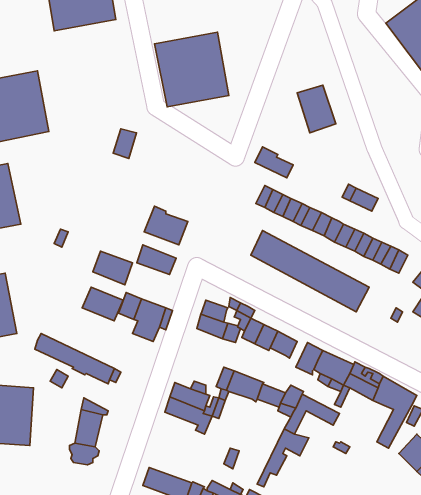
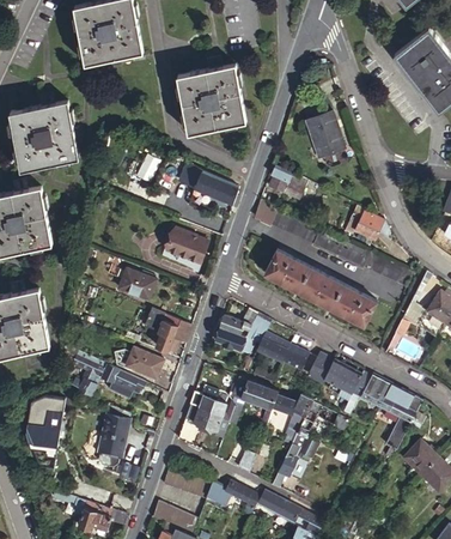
building: none -> [197,174,239,204]
building: [137,245,176,275] -> none
building: [82,287,123,321] -> [127,346,165,377]

